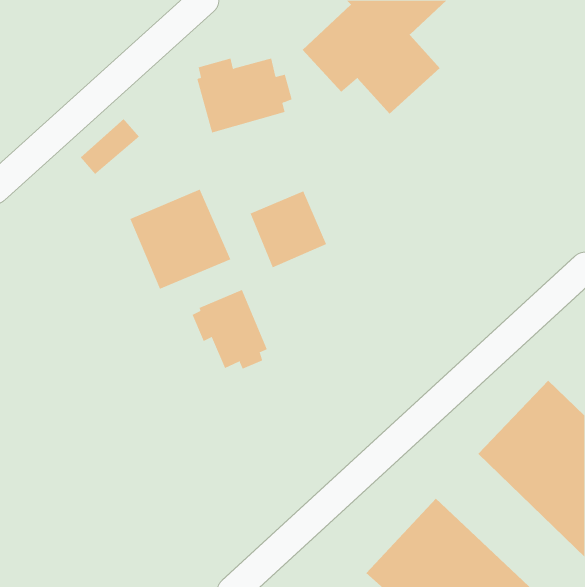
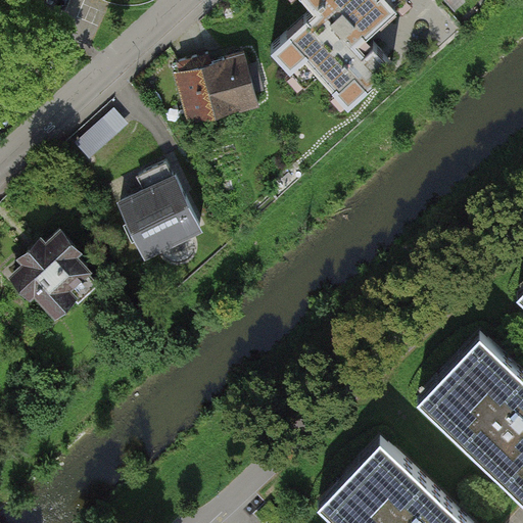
building: [250,190,327,268] -> none
building: none -> [7,228,100,322]
building: [192,289,268,370] -> none

